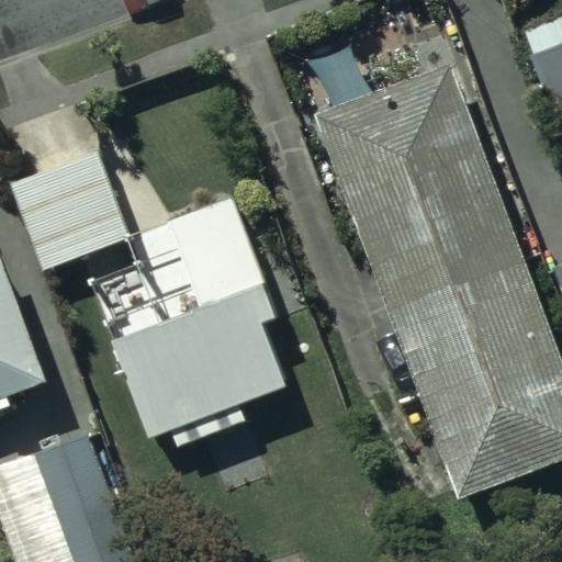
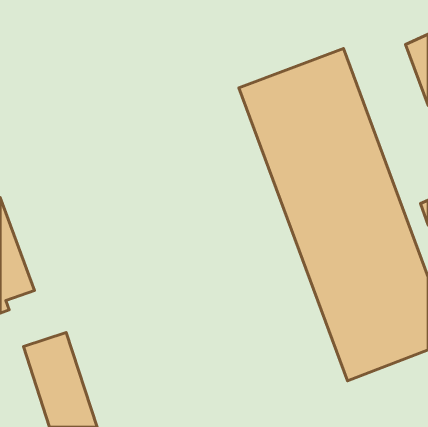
building: [9,148,132,272] -> none
building: [112,195,290,447] -> none

